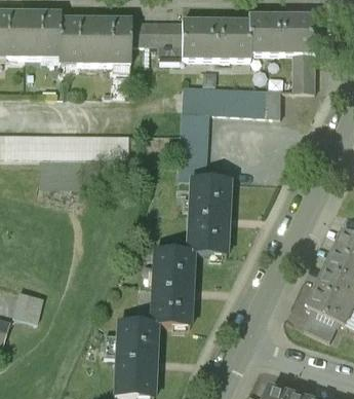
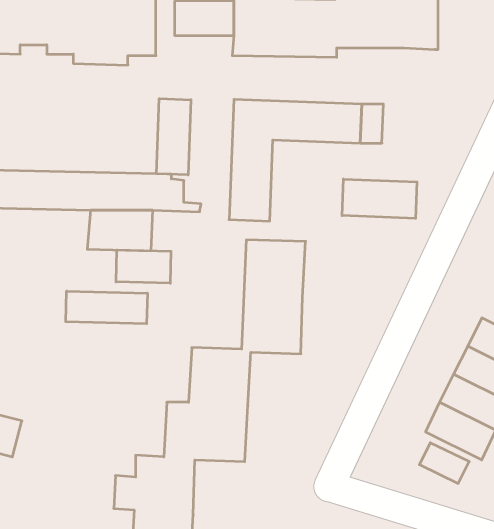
building: [292,51,314,90] -> none
building: none -> [156,99,191,175]
building: none -> [342,179,417,218]
building: none -> [116,250,171,283]
building: none -> [66,291,147,324]

